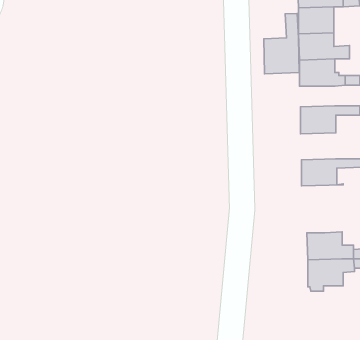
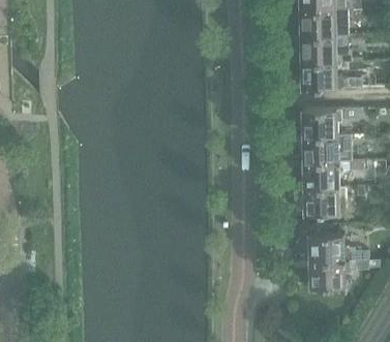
building: [264,13,299,74] -> none
building: none -> [302,135,352,162]
building: none -> [303,187,344,220]

